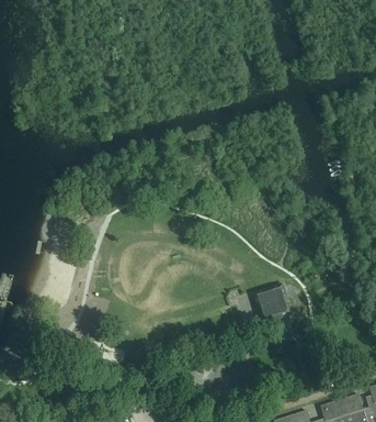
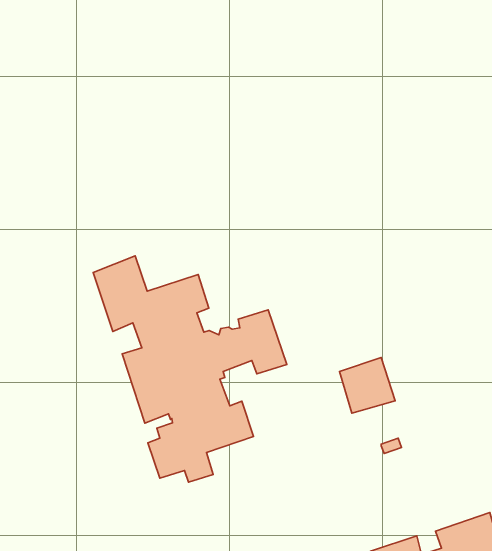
building: none -> [93,256,287,482]

